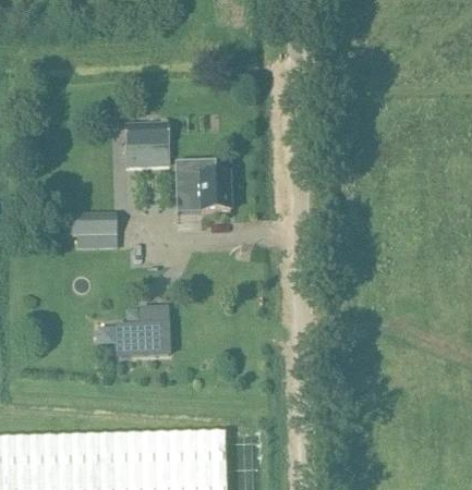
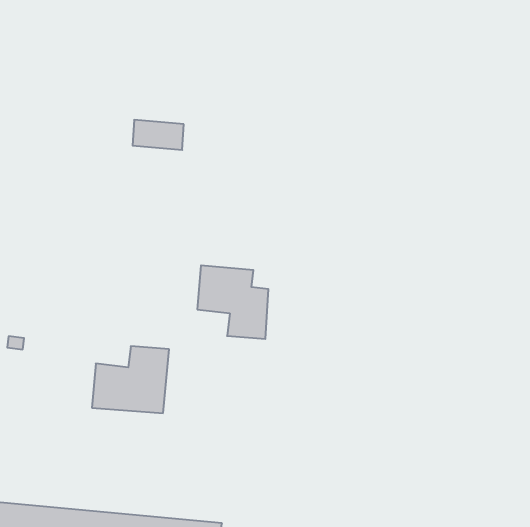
building: [174,160,230,212] -> [197,265,268,339]
building: [71,211,114,236] -> none

